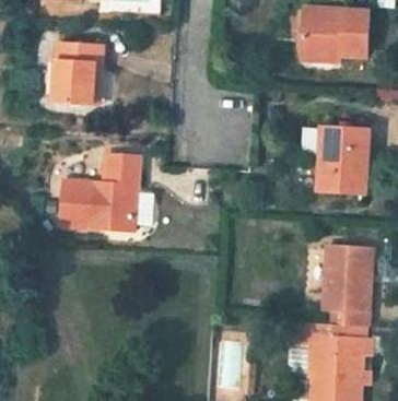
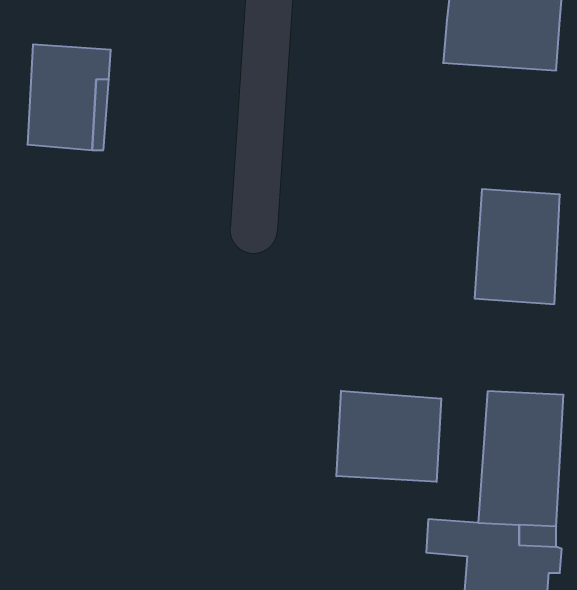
building: [61,155,139,229] -> none
building: none -> [336,391,441,482]

